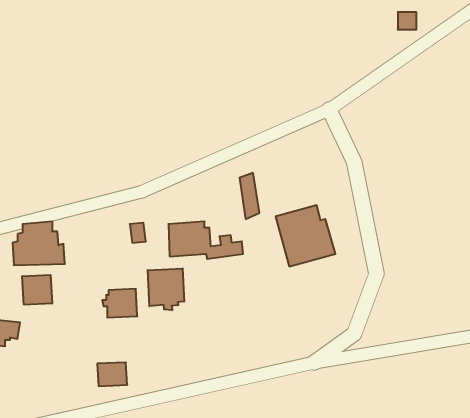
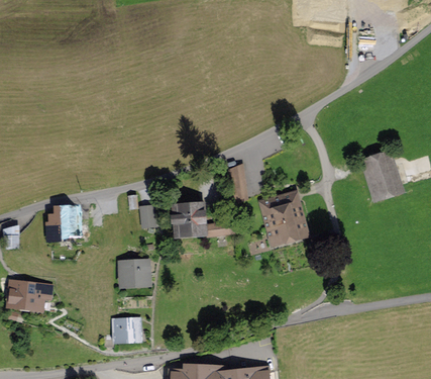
building: none -> [360,152,401,199]
building: [148,268,184,310] -> none
building: [22,275,52,305] -> none

